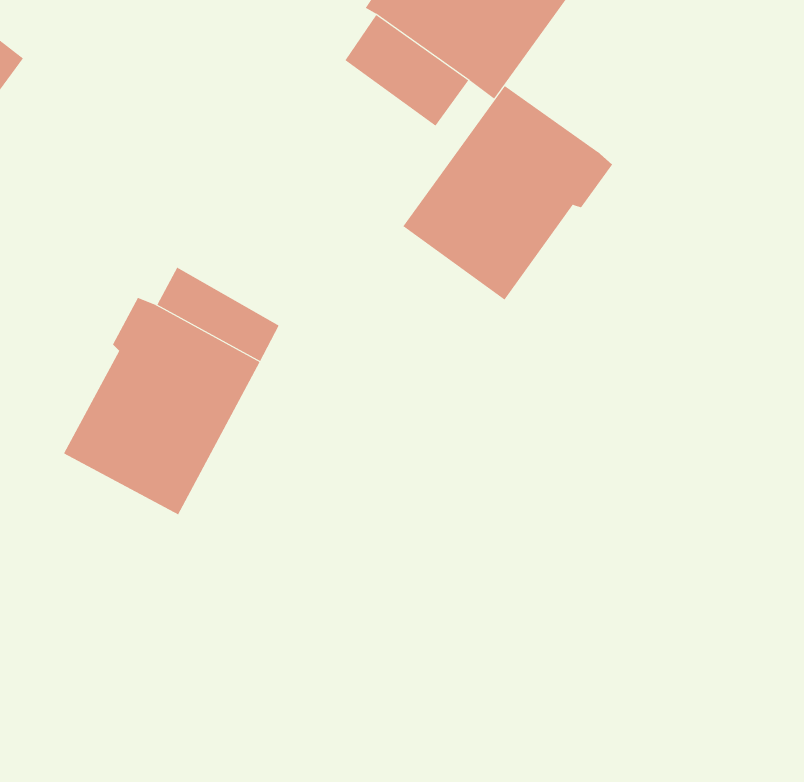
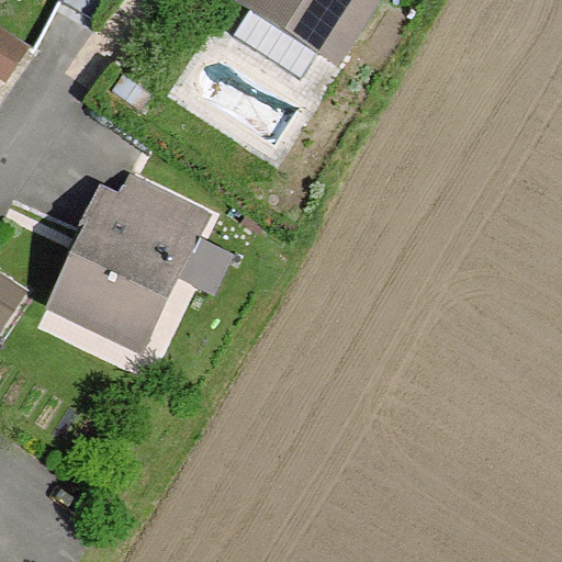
building: [403,85,613,300] -> none

